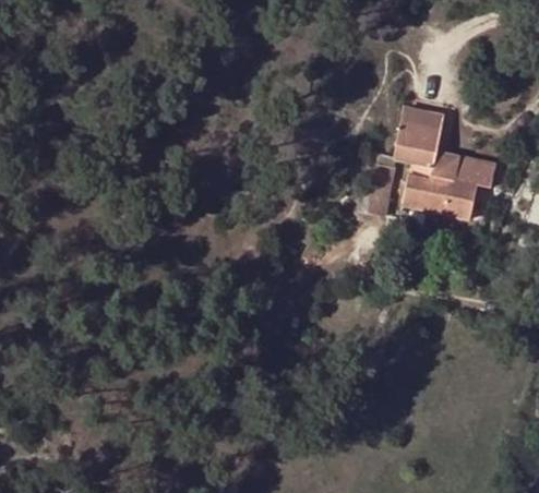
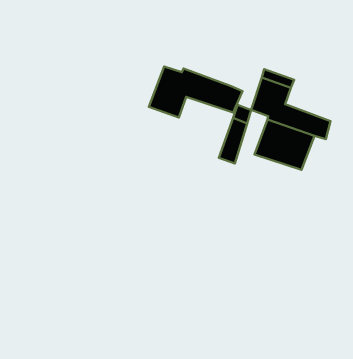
building: none -> [149,67,242,117]

